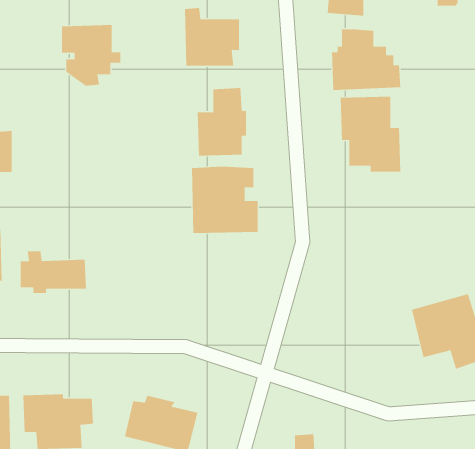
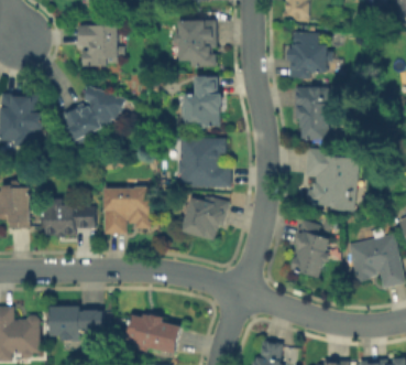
building: none -> [62,89,131,148]
building: none -> [304,144,356,210]
building: none -> [102,180,155,238]
building: none -> [178,192,229,245]
building: none -> [288,219,337,282]

